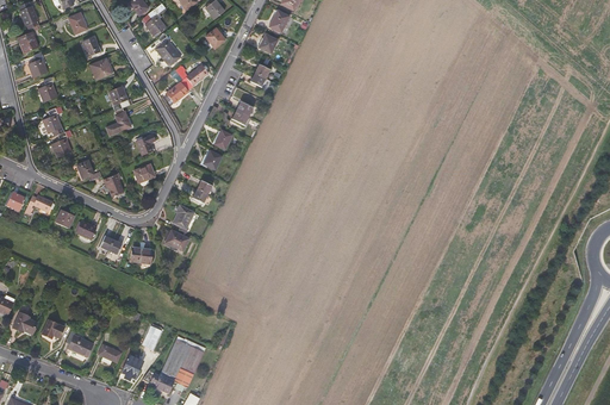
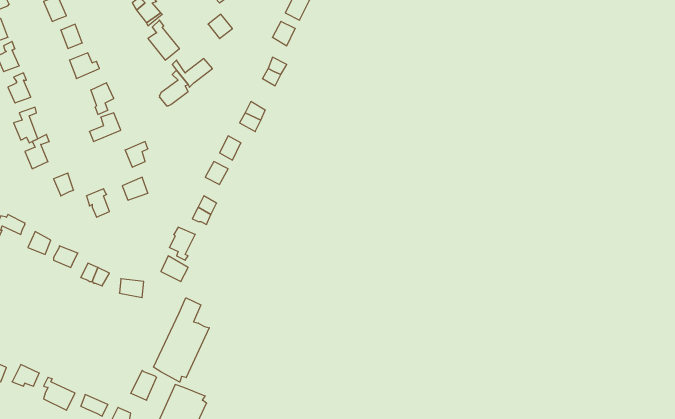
building: none -> [154,298,209,382]

